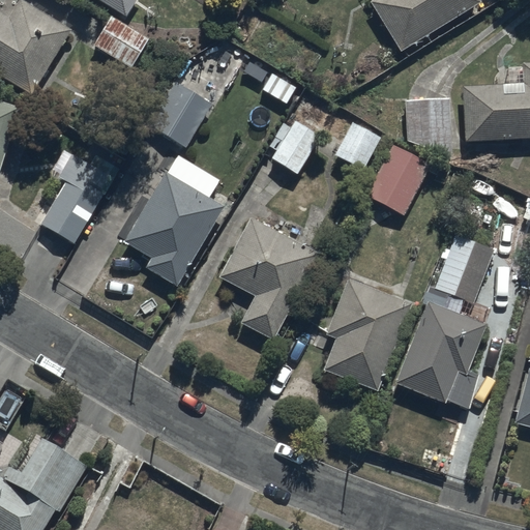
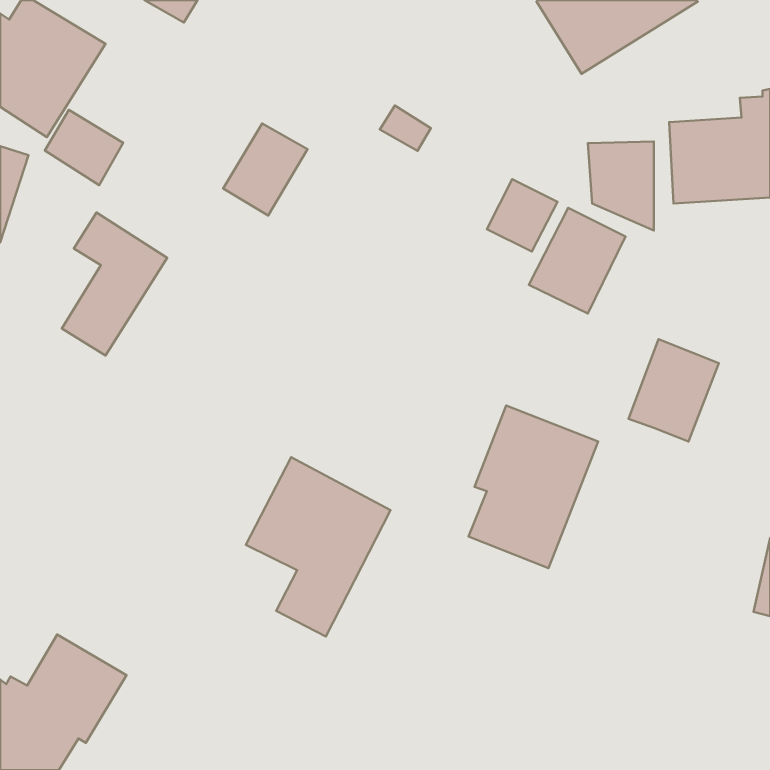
building: [93,16,147,67] -> [45,110,123,185]
building: [262,119,320,173] -> none
building: [123,170,224,284] -> none
building: [217,216,317,340] -> [246,457,391,637]
building: [393,299,487,410] -> none

